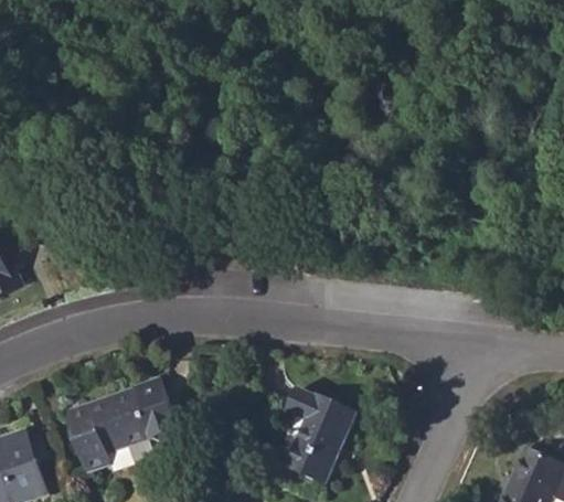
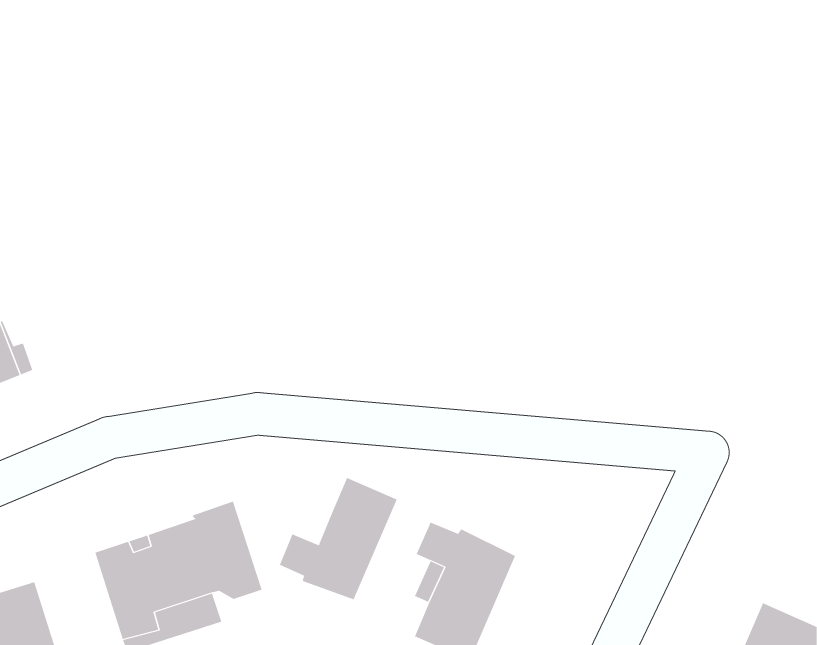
building: none -> [279,477,397,600]

